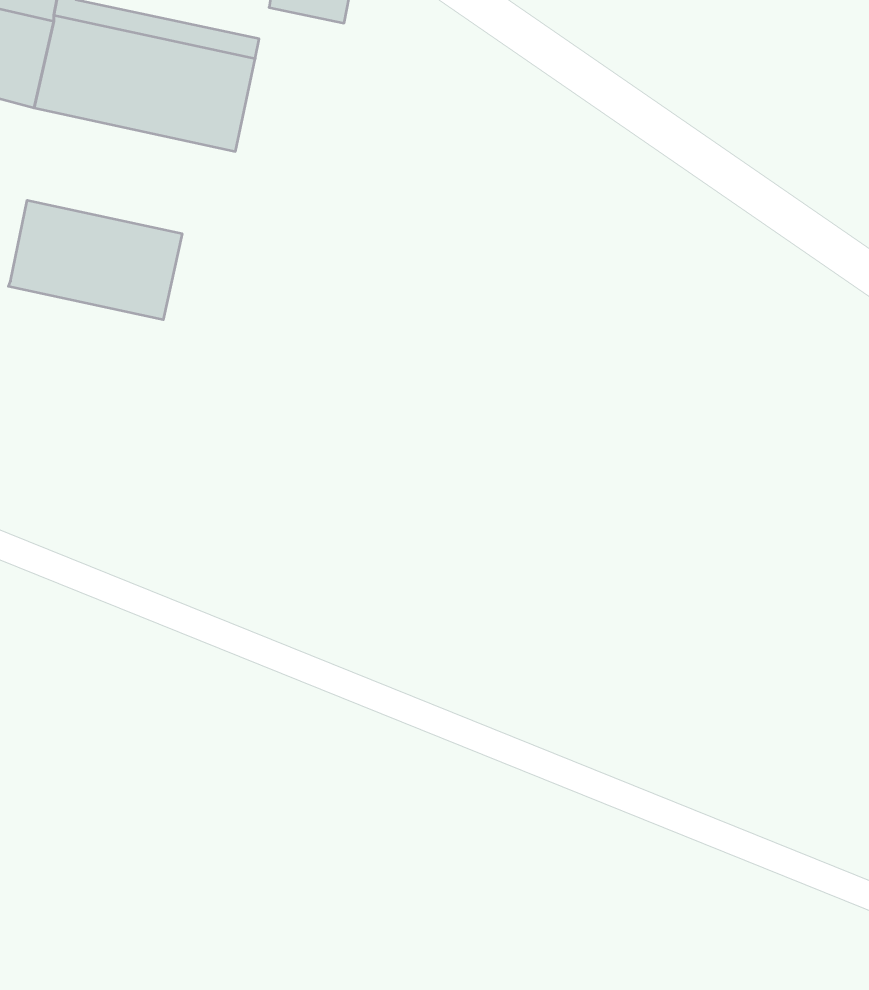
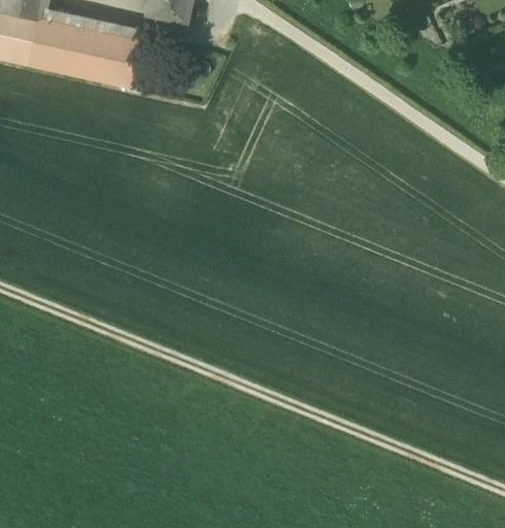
building: [8,200,182,320] -> none

